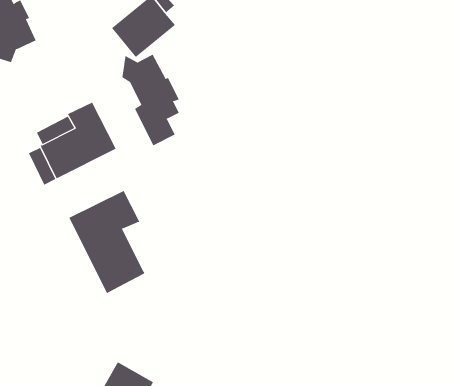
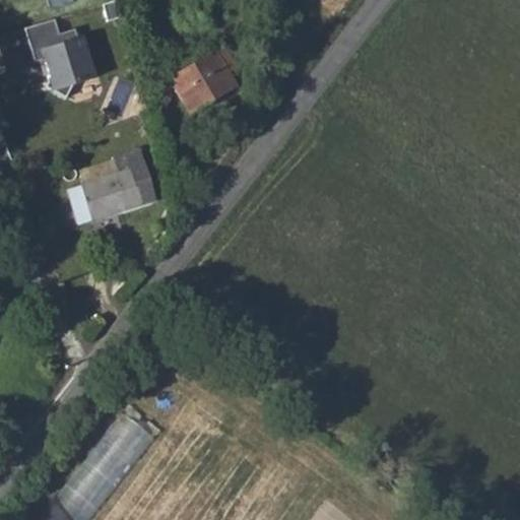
building: [122,54,180,146] -> none
building: [69,190,145,294] -> none

